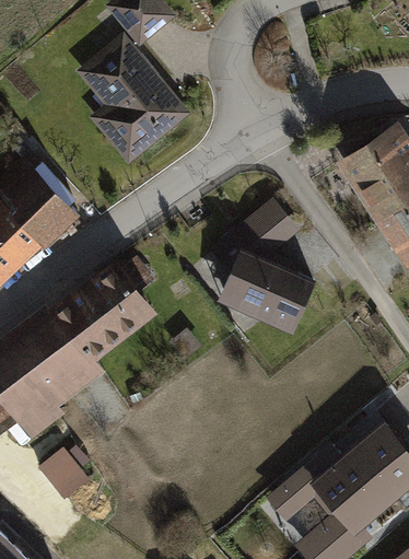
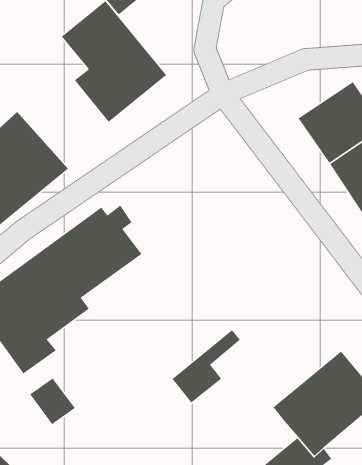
building: [212,199,318,335] -> none
building: [262,441,339,523] -> [171,329,241,404]

